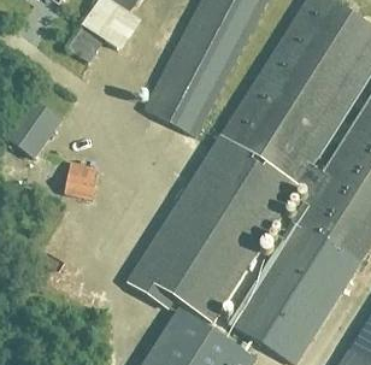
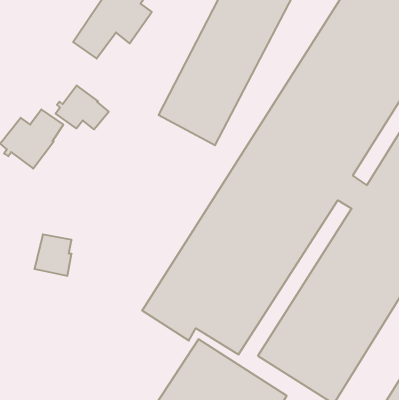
building: none -> [56,85,109,129]
building: [65,161,98,198] -> [34,234,72,276]

